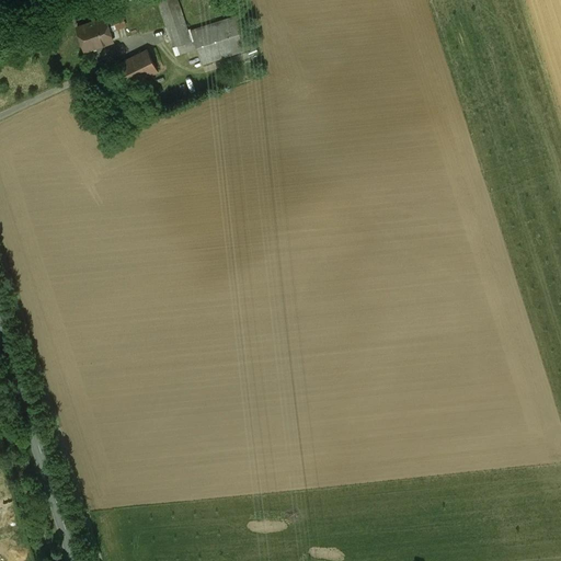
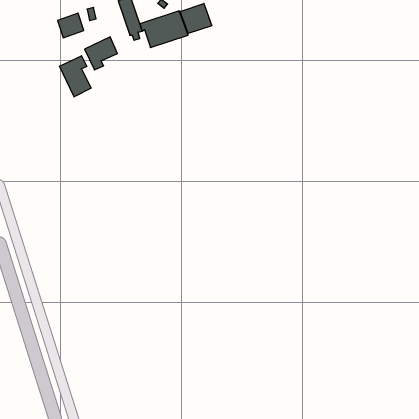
building: none -> [180,3,212,34]
building: none -> [60,56,91,97]

